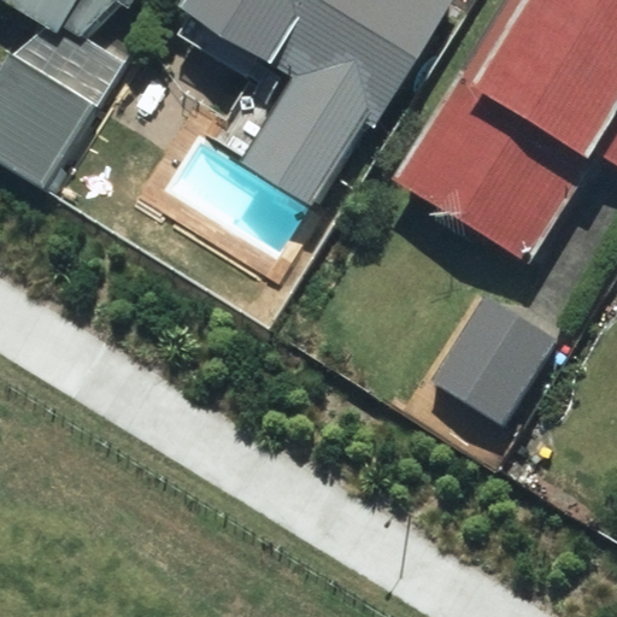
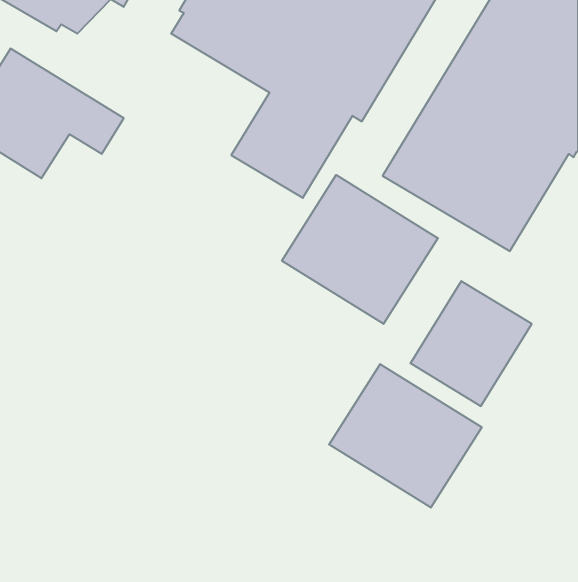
building: none -> [282,175,438,324]
building: none -> [329,364,482,508]

